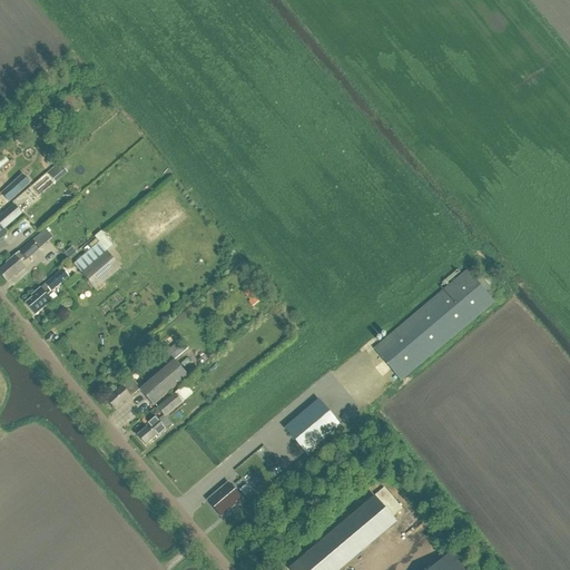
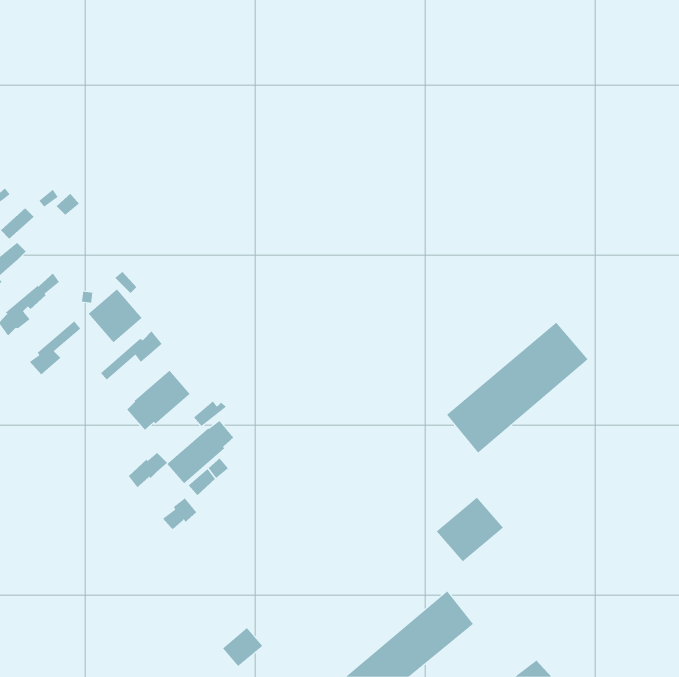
building: none -> [100,331,163,381]
building: none -> [127,370,190,430]
building: [283,399,340,453] -> [436,497,504,562]
building: [207,482,242,515] -> [222,627,263,667]

